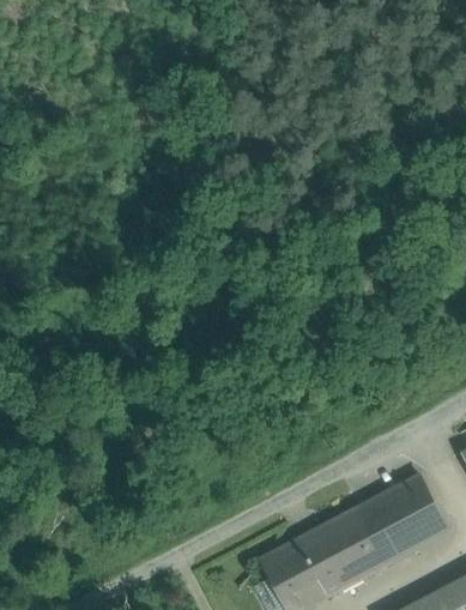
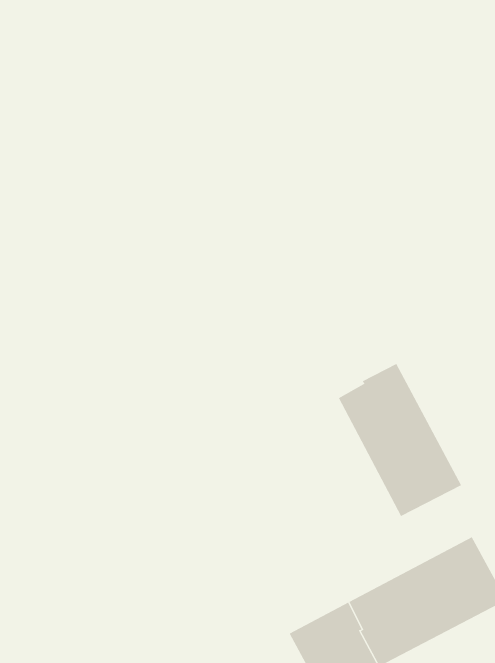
building: none -> [338,363,462,517]

